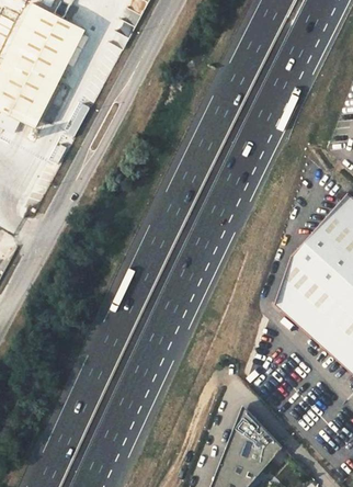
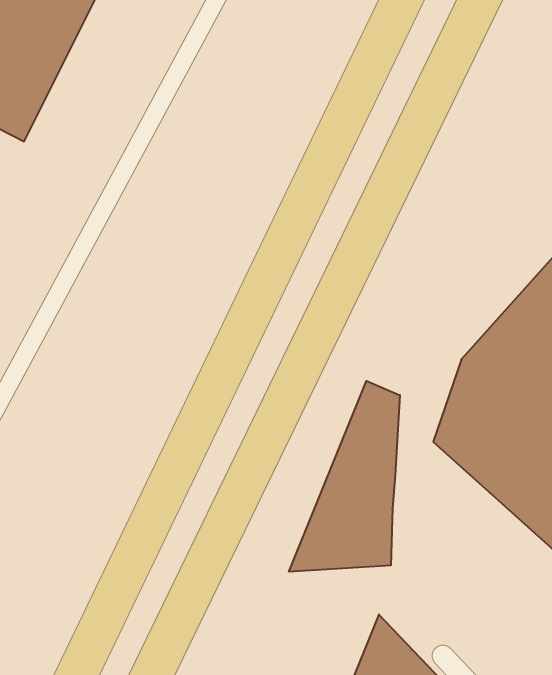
building: none -> [289,381,400,572]

